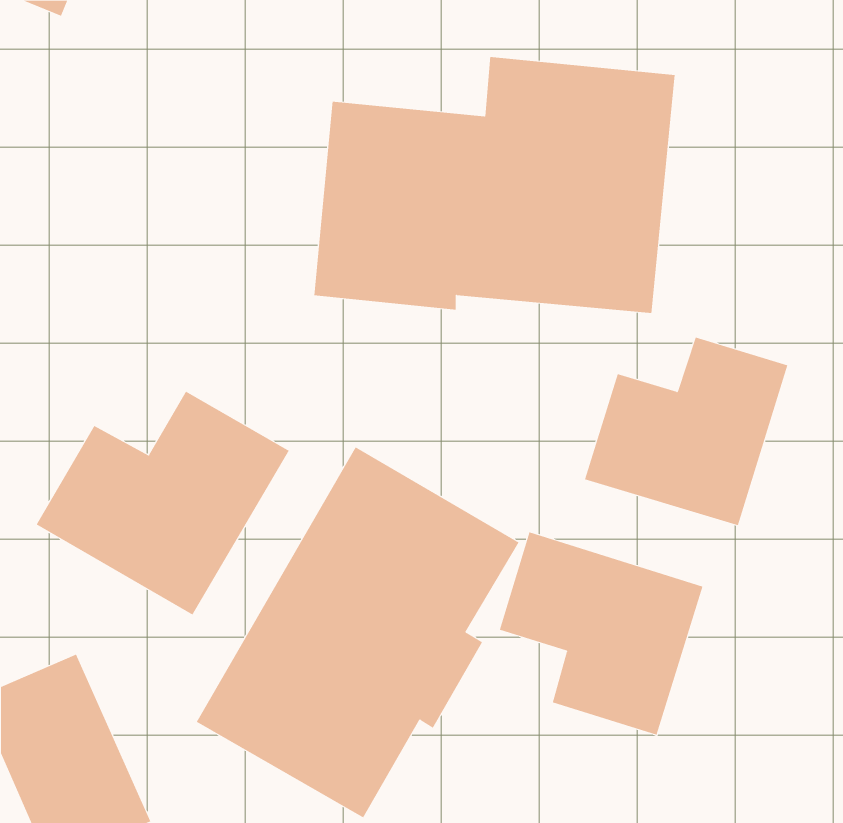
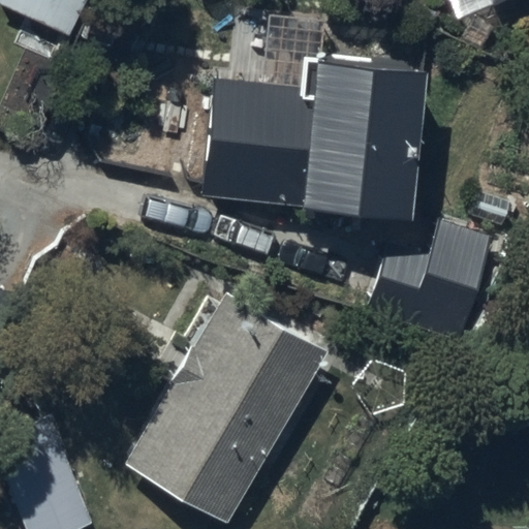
building: [36,391,290,615] -> none
building: [499,531,703,736] -> none

